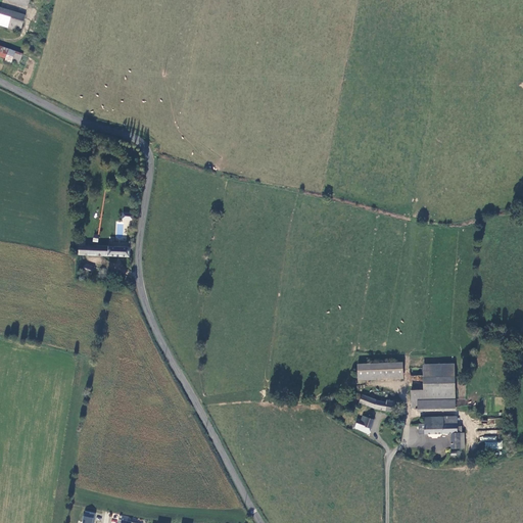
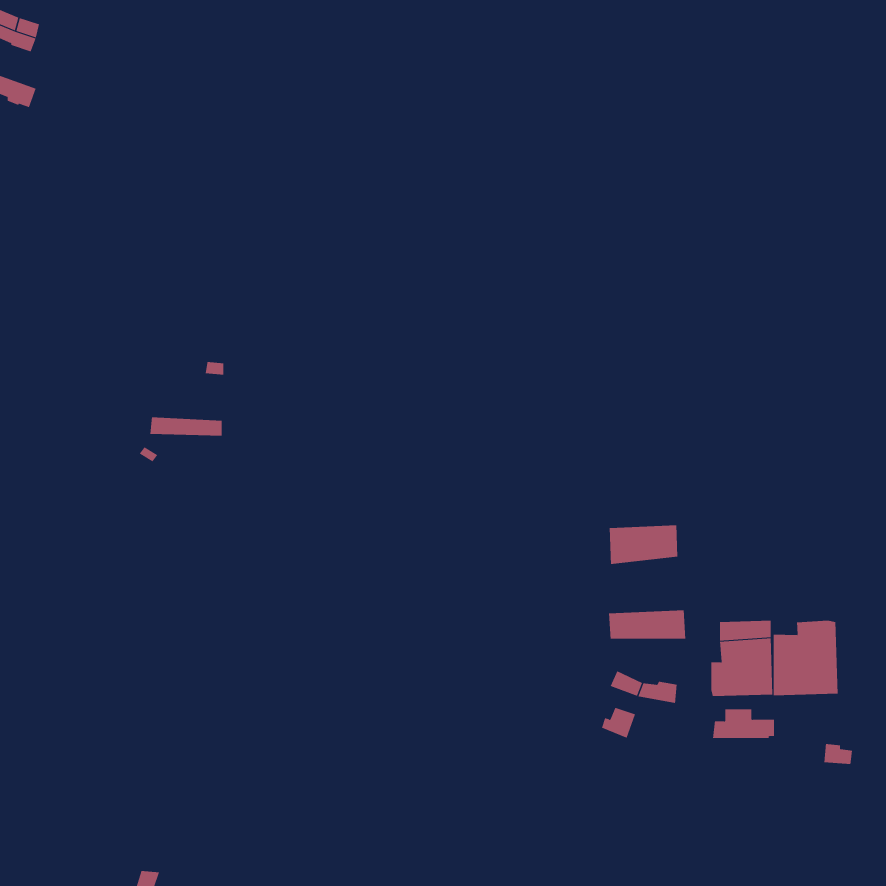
building: none -> [609,525,678,565]
building: none -> [773,620,838,696]

